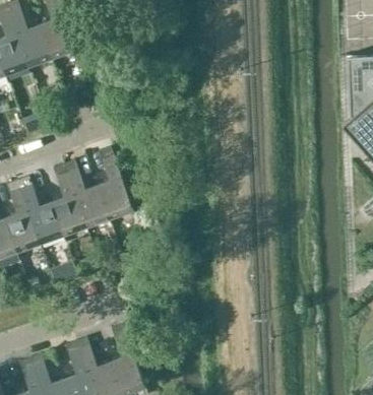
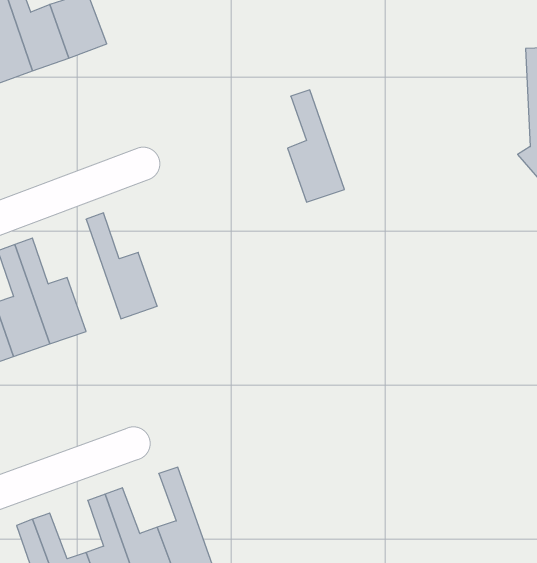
building: [98,147,134,219] -> [288,90,344,202]
building: [52,163,86,236] -> none

